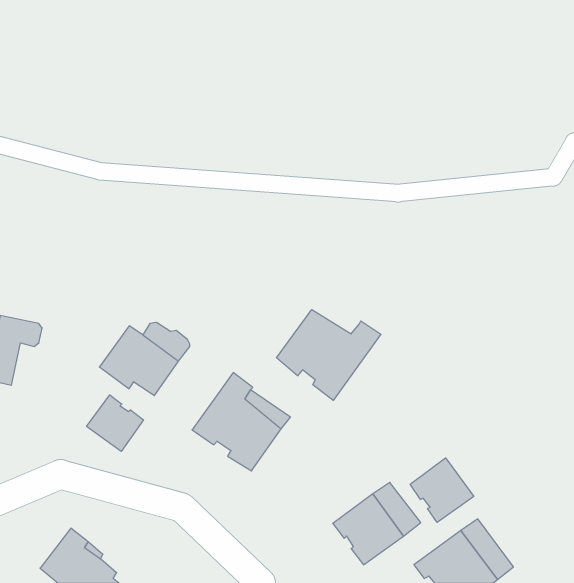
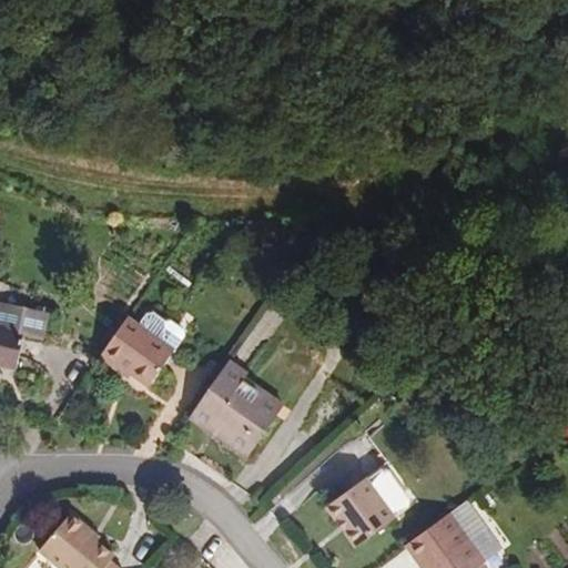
building: [277,310,381,400] -> none
building: [87,395,143,451] -> none
building: [410,458,474,522] -> none

